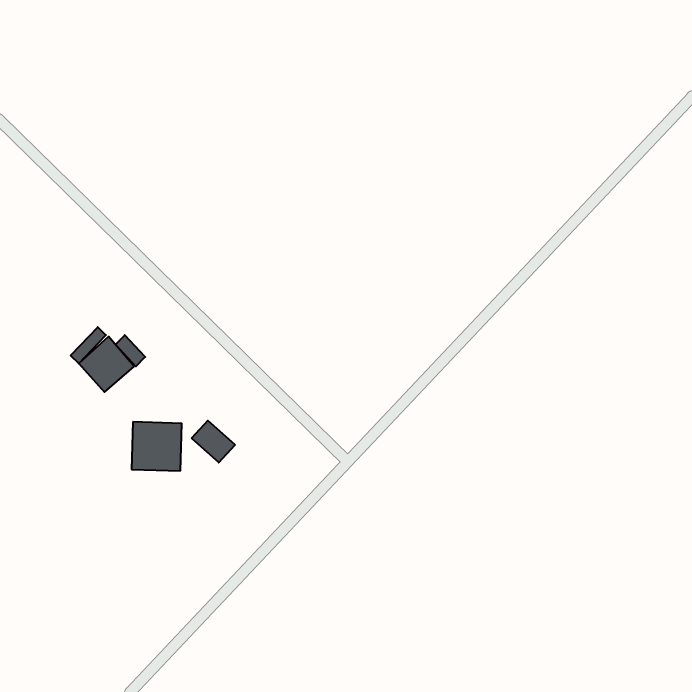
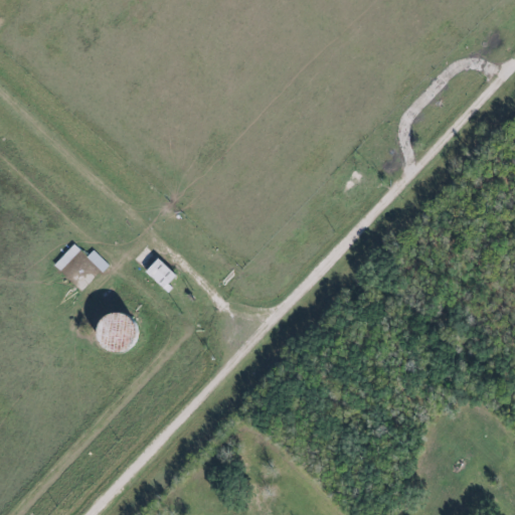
building: [192,421,235,463] -> [144,258,176,289]

